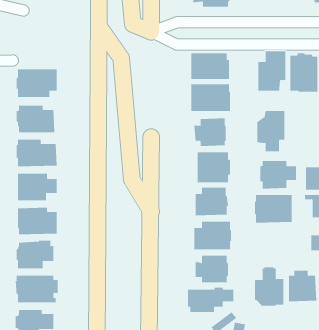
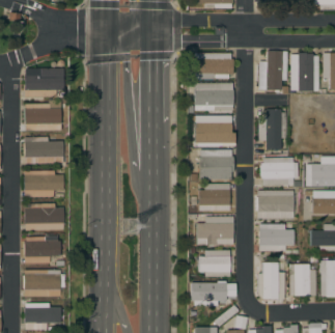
building: none -> [259,224,294,251]

